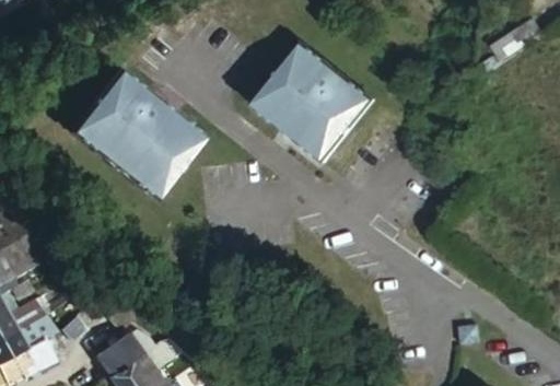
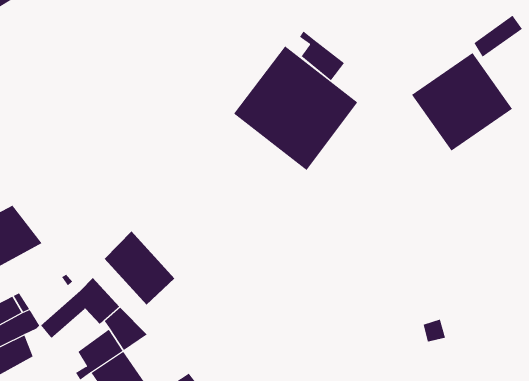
building: none -> [299,31,345,81]
building: none -> [411,52,513,152]
building: [69,71,205,206] -> none
building: none -> [104,231,175,305]

